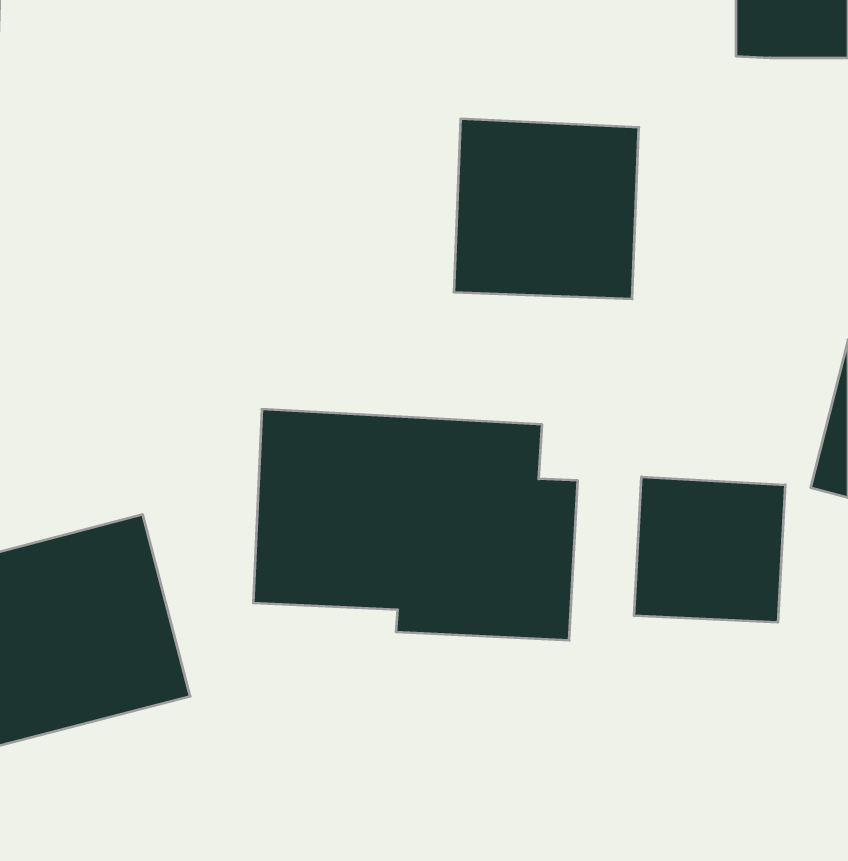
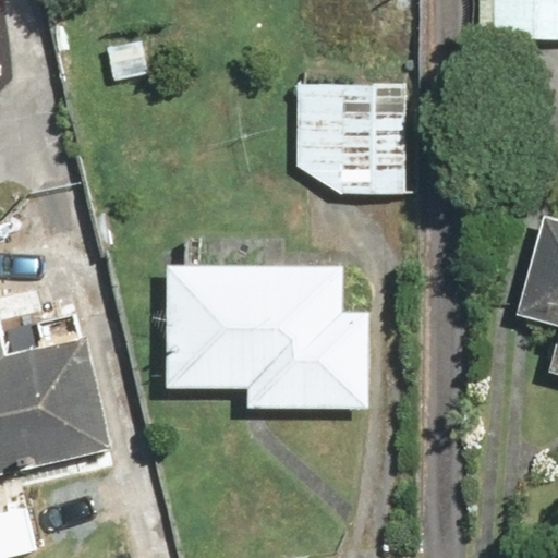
building: [634,477,785,622] -> none

